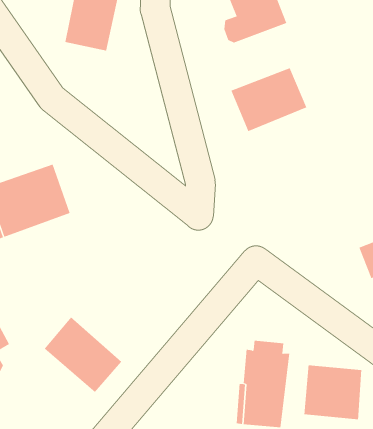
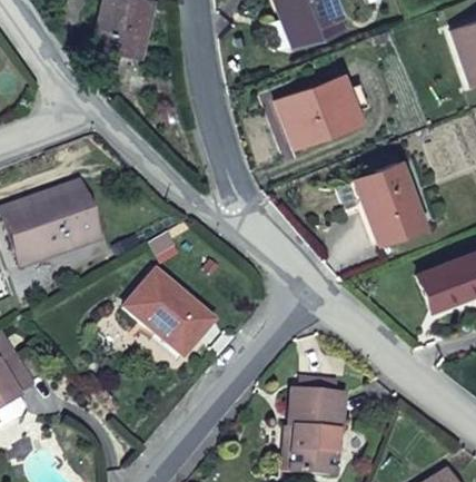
building: none -> [338,164,424,243]
building: [44,316,122,393] -> [126,272,212,356]
building: [304,364,362,420] -> none

